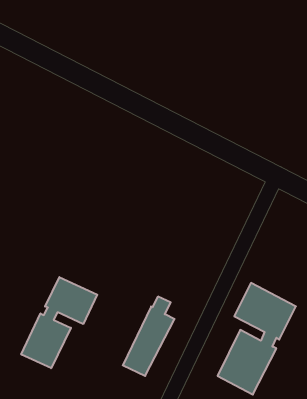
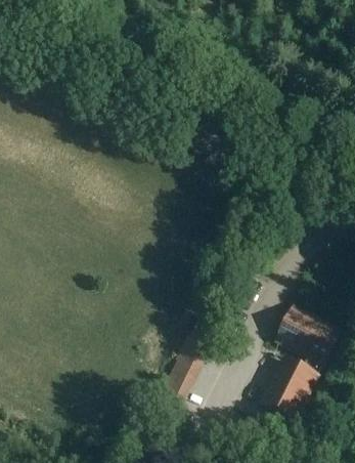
building: [21,277,97,368] -> none

